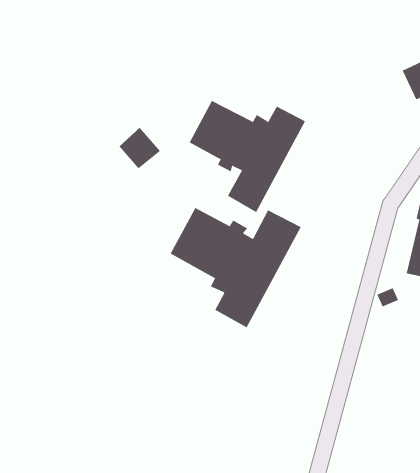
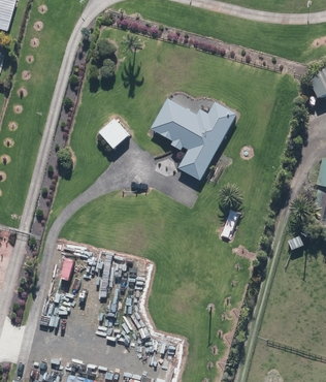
building: [170,207,302,328] -> none

